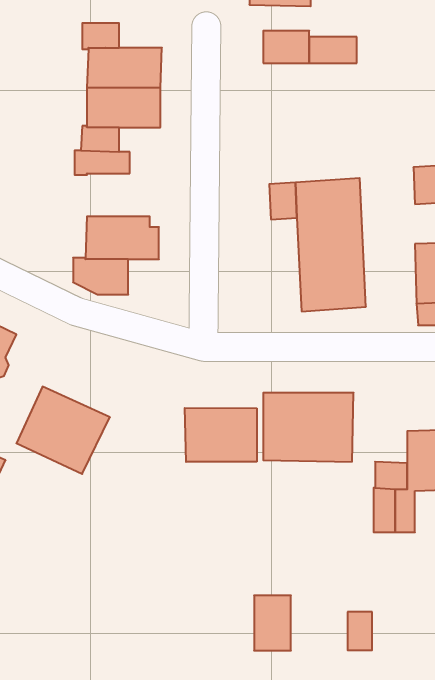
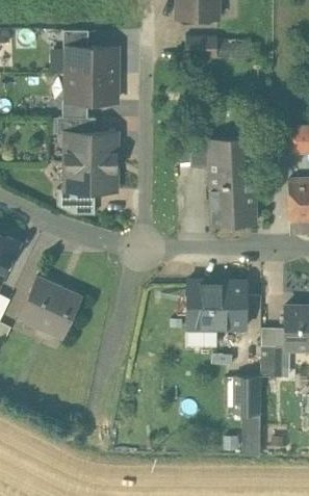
building: none -> [66,133,115,162]
building: [185,408,257,462] -> none
building: [254,595,291,651] -> [234,376,259,414]

